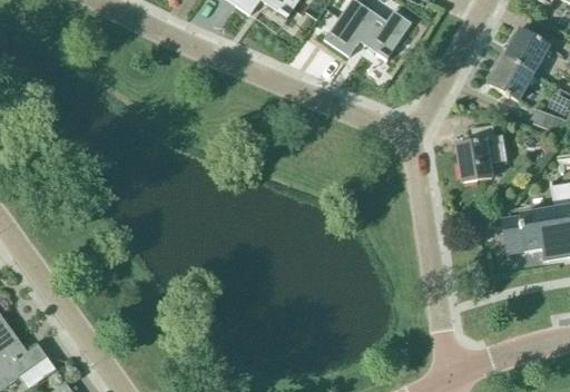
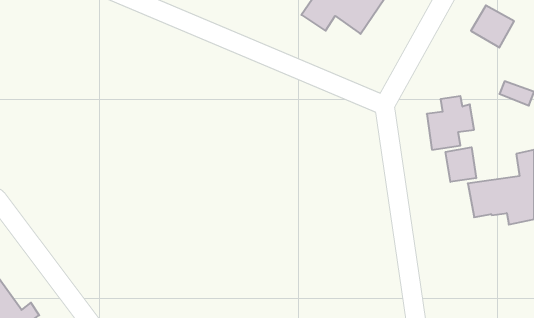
building: [487,56,532,100] -> none
building: none -> [446,147,476,182]

